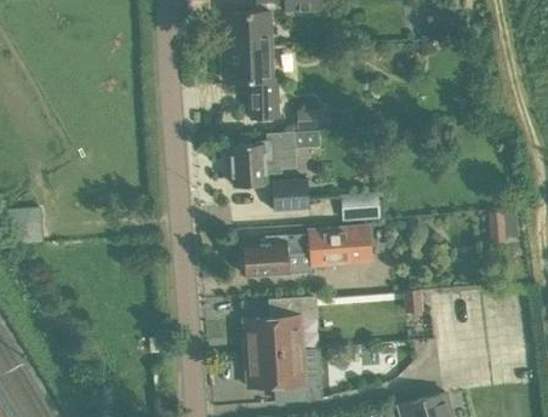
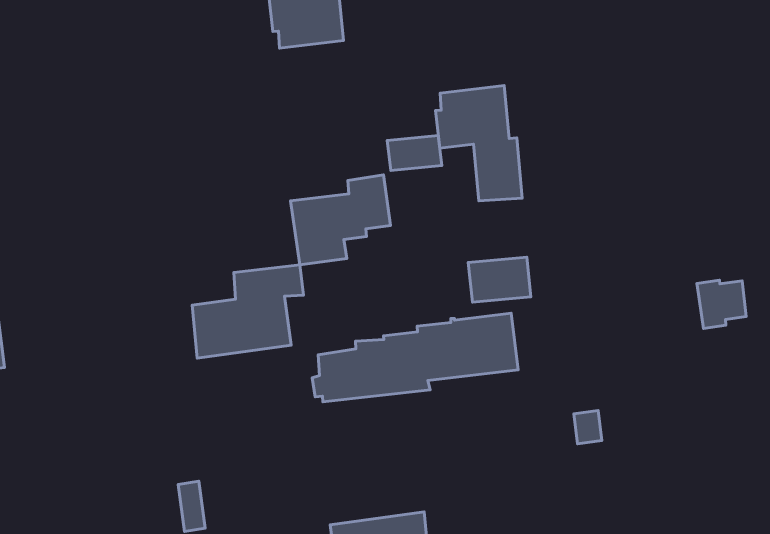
building: [227,45,279,118] -> [436,86,522,201]
building: [272,179,310,211] -> none
building: [244,298,315,354] -> [192,265,303,358]

